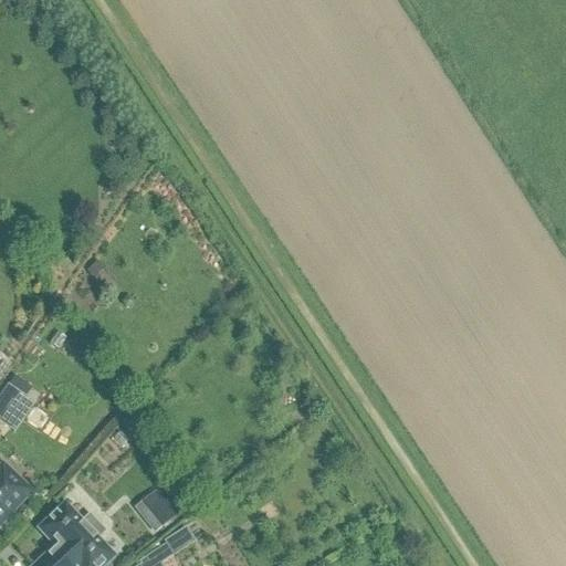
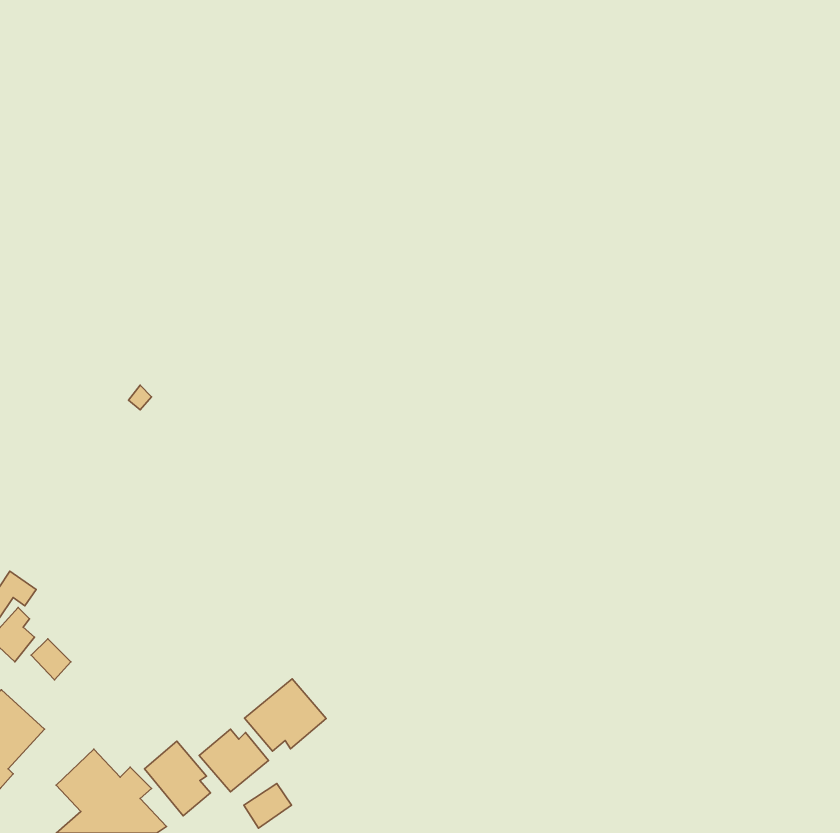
building: none -> [245,679,326,751]
building: none -> [144,741,210,816]

